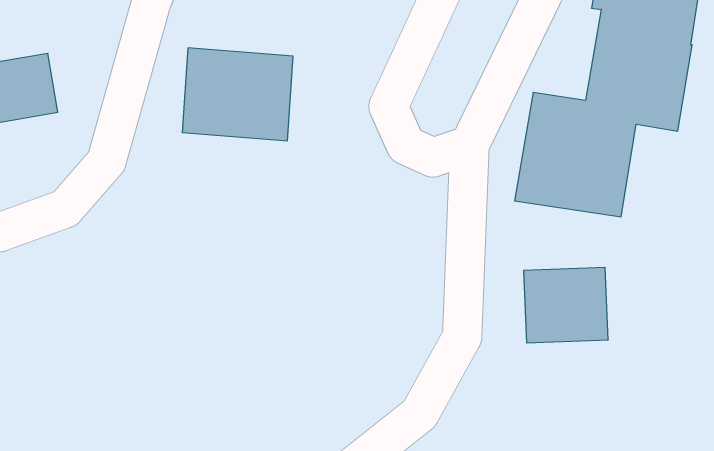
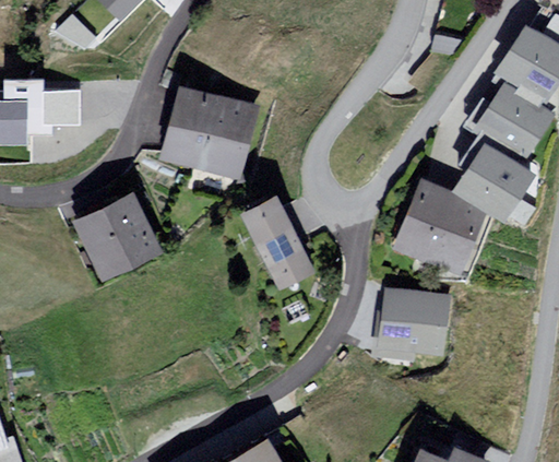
building: none -> [249,206,313,292]
building: none -> [79,202,158,283]

